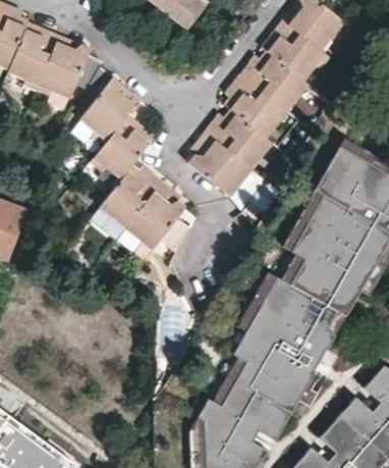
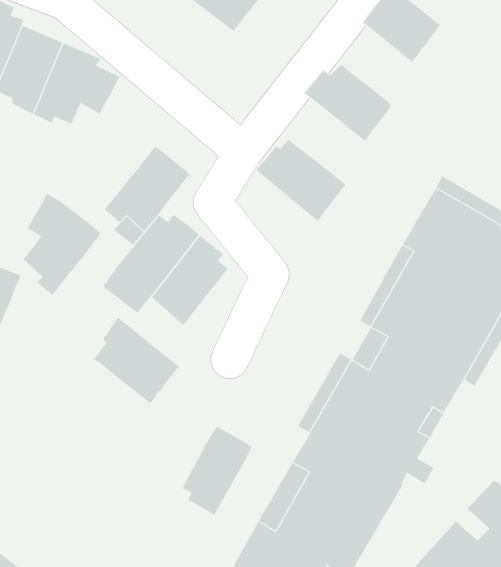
building: [262,20,329,81] -> none
building: [81,66,141,144] -> [23,193,101,296]
building: [224,73,297,146] -> none
building: [188,132,251,196] -> none
building: none -> [93,317,180,404]
building: none -> [182,426,253,515]

